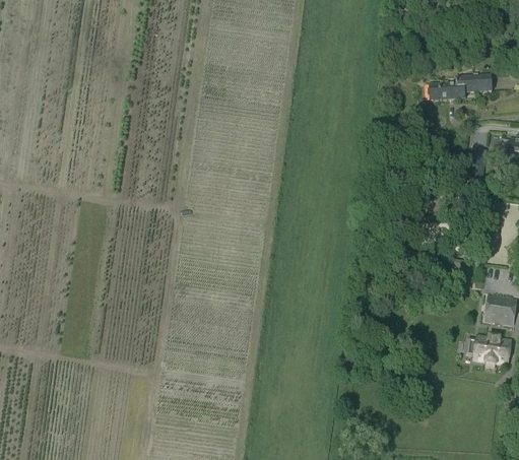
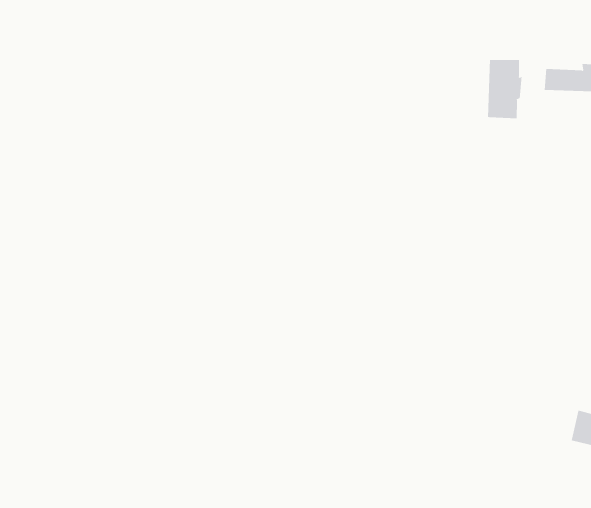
building: none -> [488,59,522,119]

